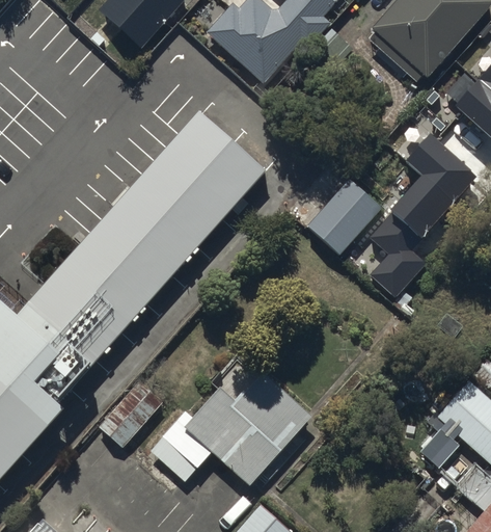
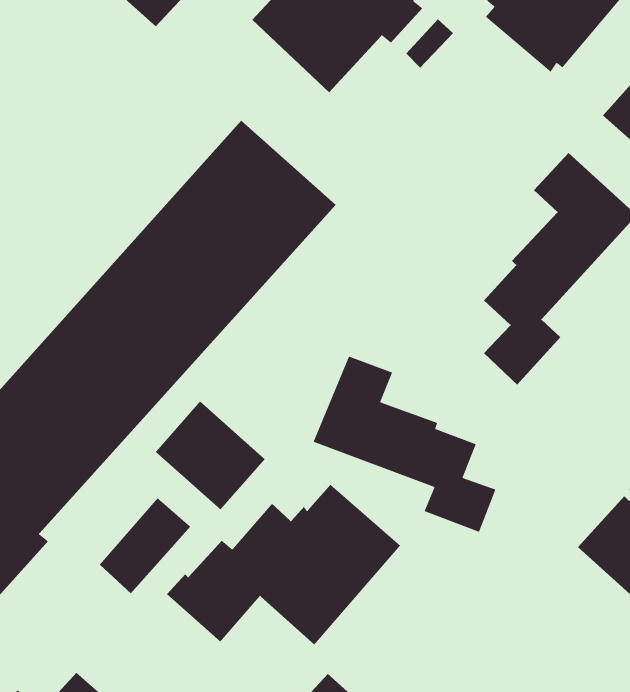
building: [307,181,381,257] -> none
building: none -> [313,356,497,533]
building: none -> [155,401,265,510]

